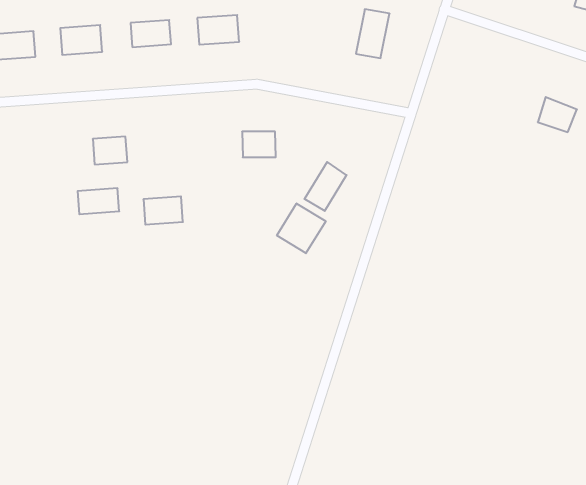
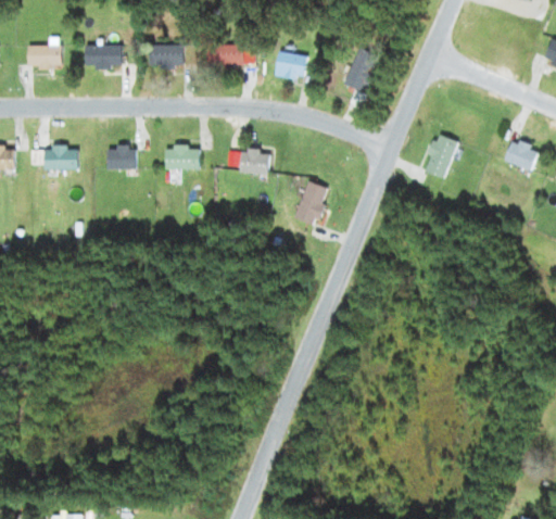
building: none -> [275,52,307,79]
building: none -> [421,135,457,179]
building: [78,188,119,214] -> [41,149,77,169]
building: [143,196,183,225] -> [165,147,199,169]
building: [277,203,326,253] -> none

